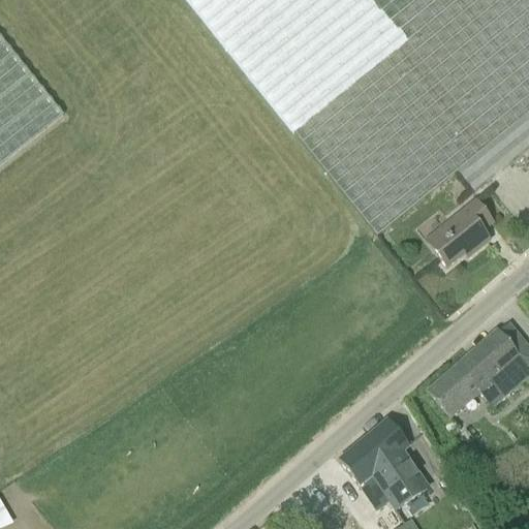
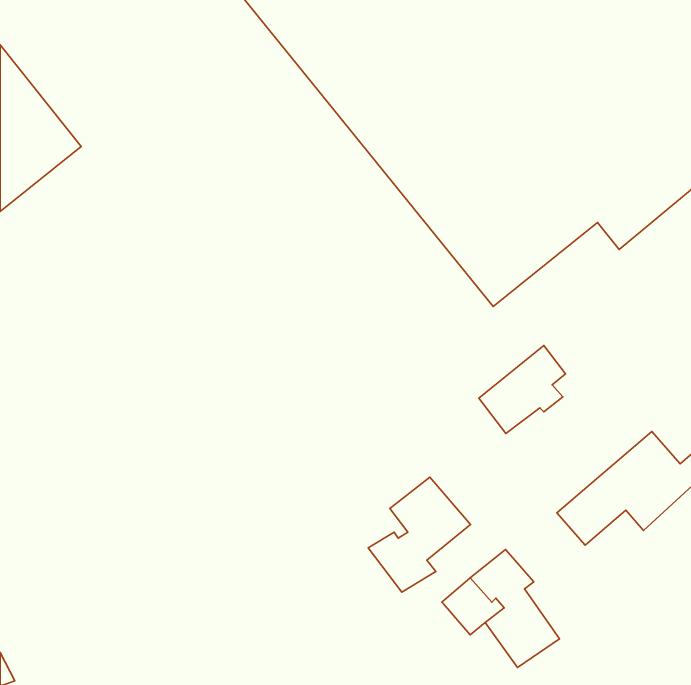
building: [426,198,492,266] -> [479,345,566,434]
building: none -> [368,477,470,592]

